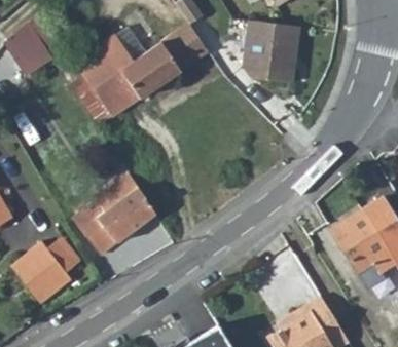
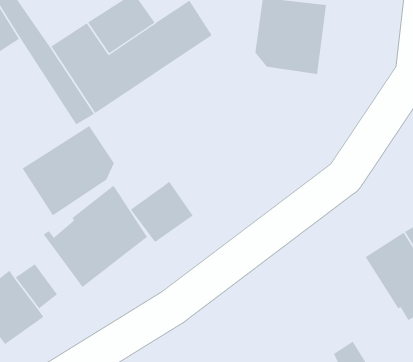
building: none -> [22,125,114,216]
building: none -> [130,181,194,243]

